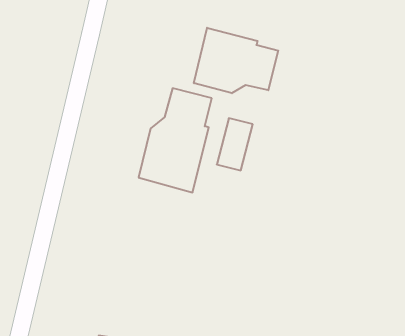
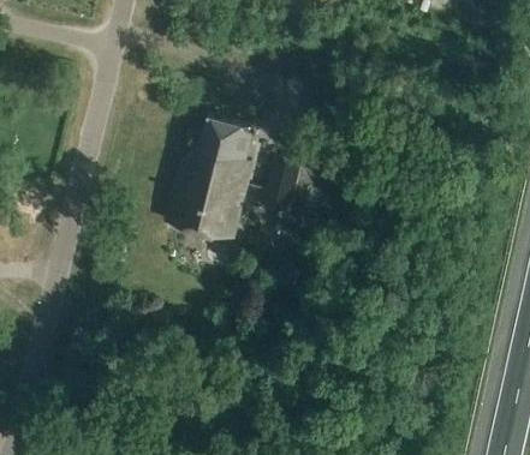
building: [194,28,278,93] -> none

